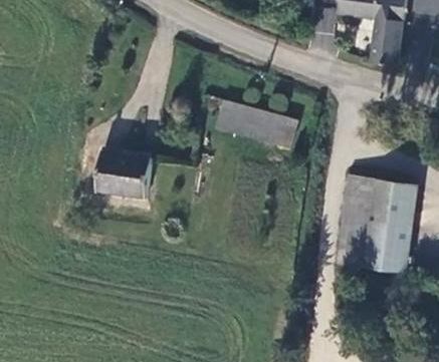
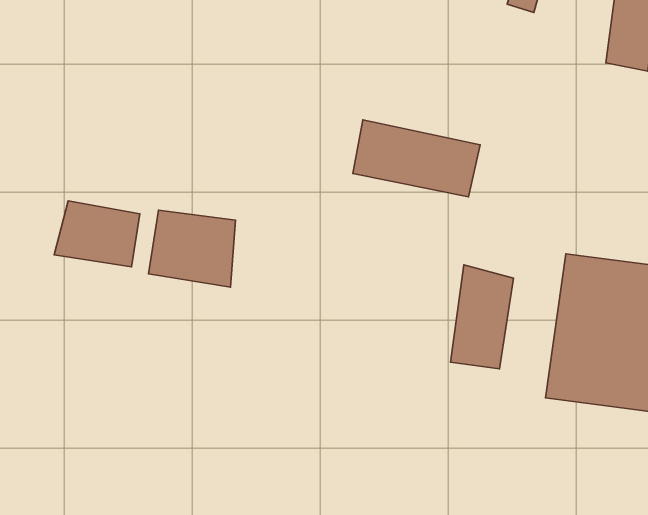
building: none -> [54,201,140,267]
building: none -> [450,265,514,369]

